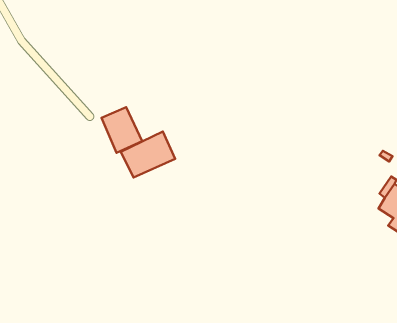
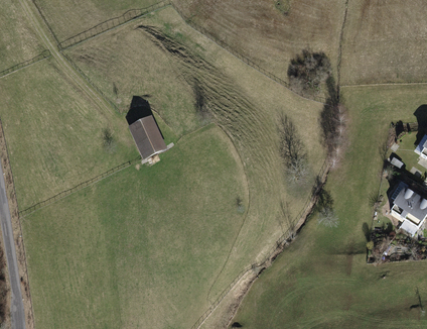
building: [121,131,175,178] -> none

